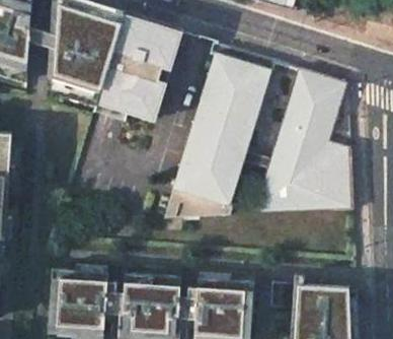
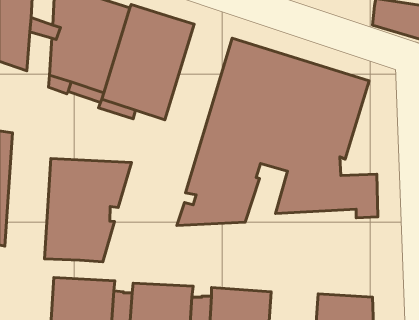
building: [318,139,352,172] -> none
building: none -> [44,158,132,262]

